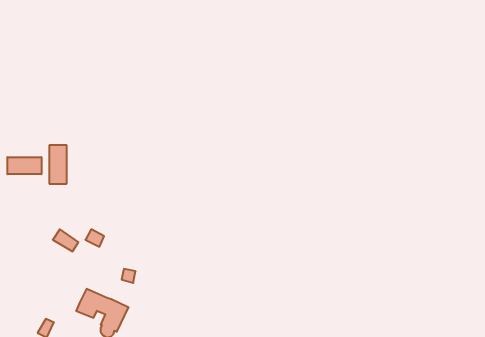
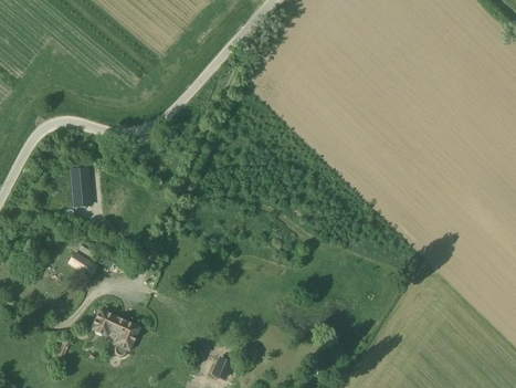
building: [7,157,41,174] -> none

